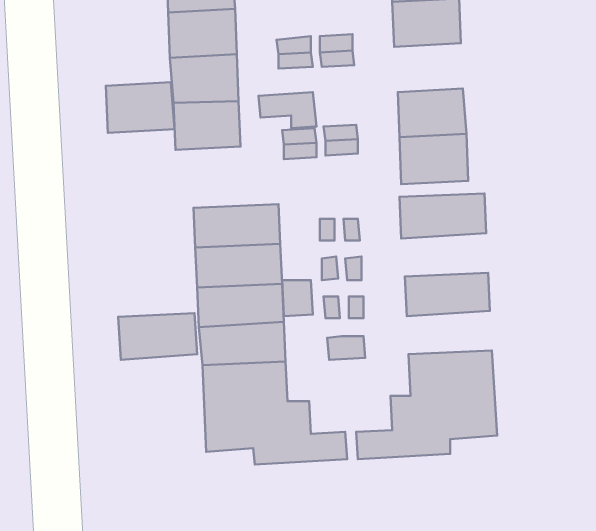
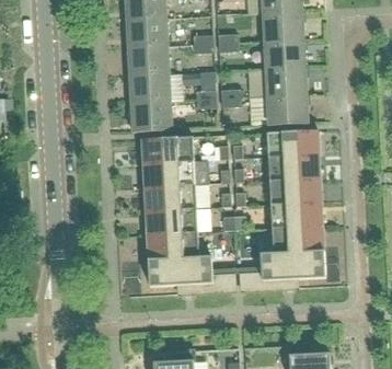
building: none -> [263,38,304,68]
building: [106,82,175,133] -> [130,101,172,131]
building: none -> [267,153,320,180]
building: none -> [270,200,322,227]
building: [118,313,197,360] -> none

